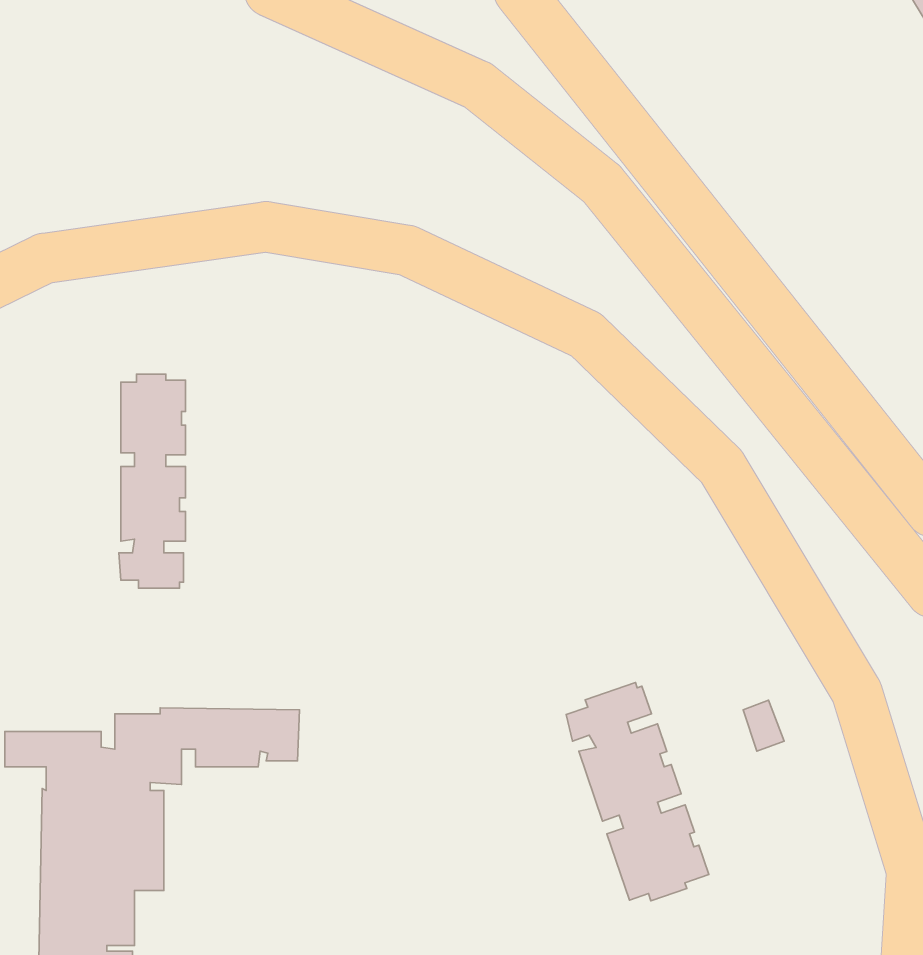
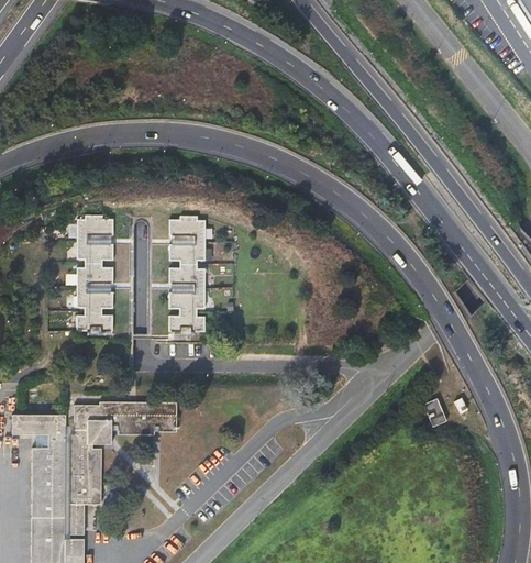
building: none -> [168,218,206,336]
building: [566,682,709,901] -> none

